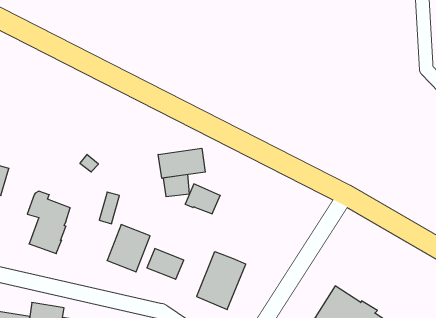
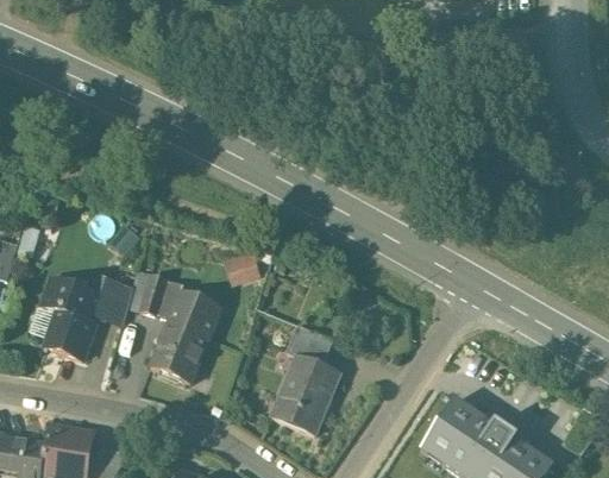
building: [158,148,205,178] -> none
building: [185,184,220,214] -> [284,325,332,365]
building: none -> [94,278,131,325]
building: [147,249,184,279] -> [169,293,219,334]

